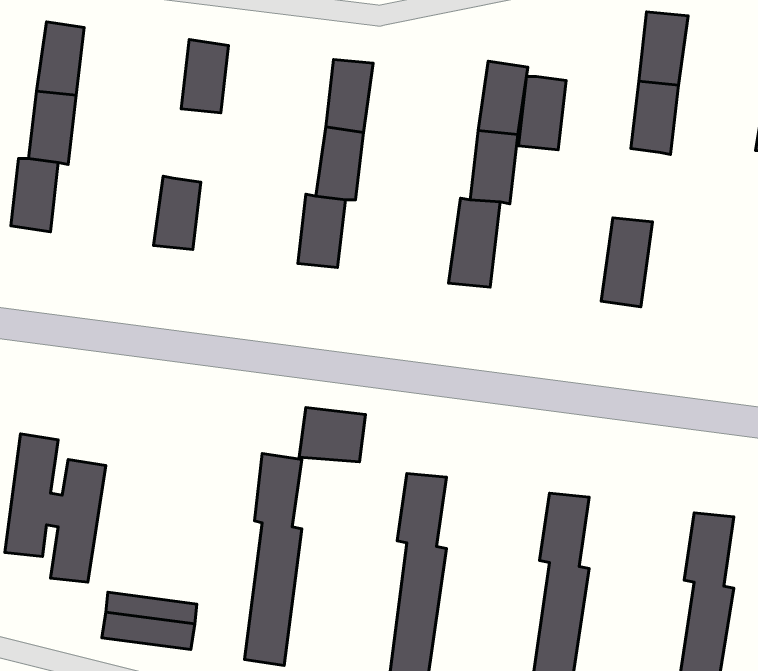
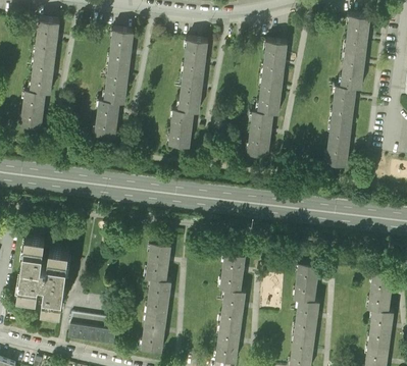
building: [518,77,566,150] -> [332,85,356,122]
building: none -> [105,64,130,102]
building: [299,407,366,462] -> none

